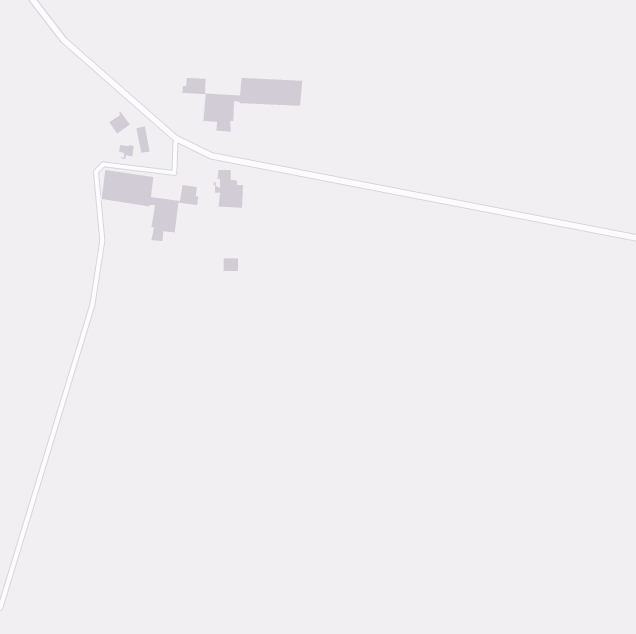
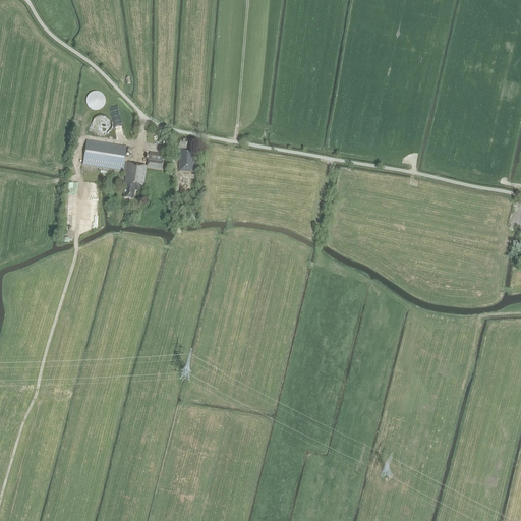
building: [182,77,303,133] -> none

